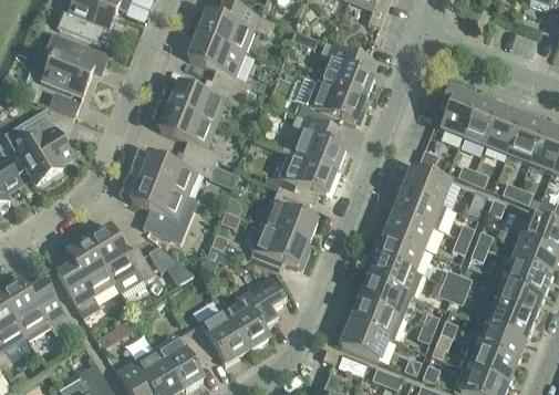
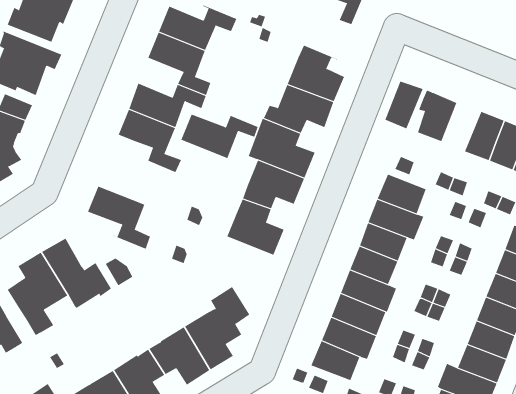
building: [464,100,500,145] -> [385,81,424,129]
building: [142,153,215,195] -> [180,114,258,159]
building: [248,225,307,273] -> none

